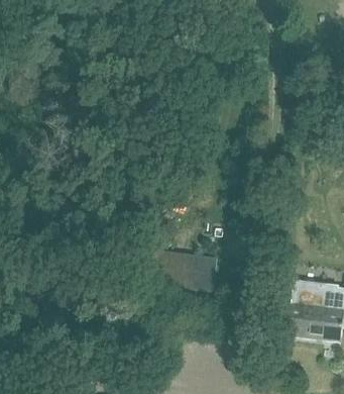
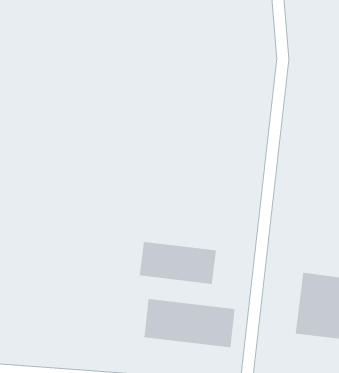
building: none -> [144,298,235,348]

